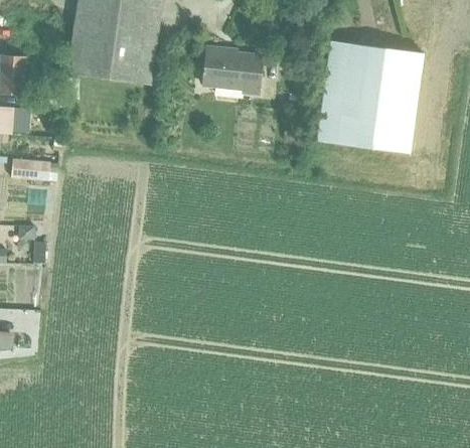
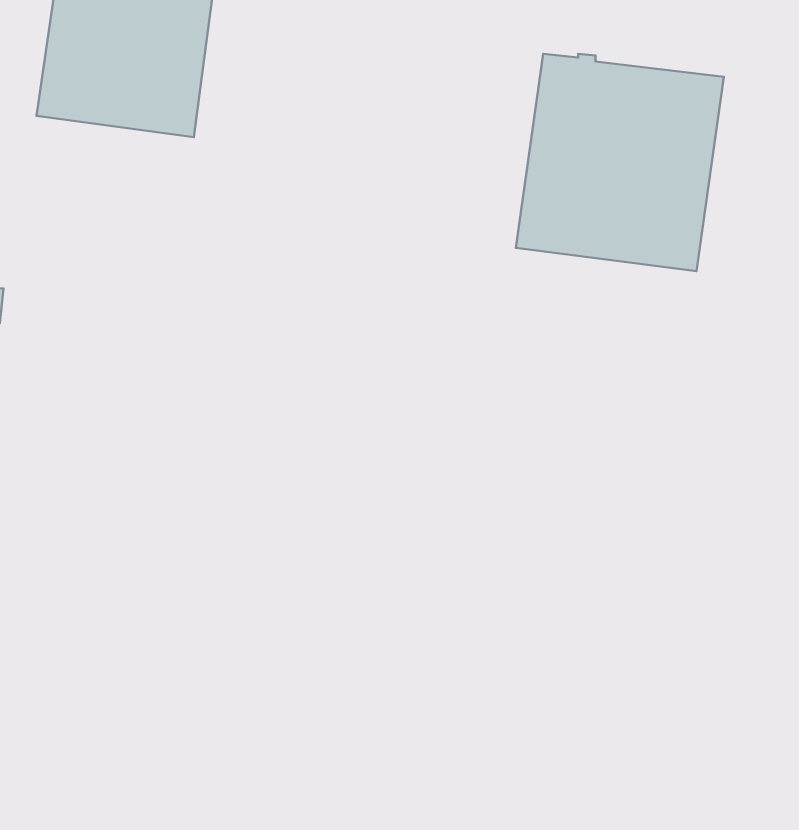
building: [202,45,262,95] -> none

